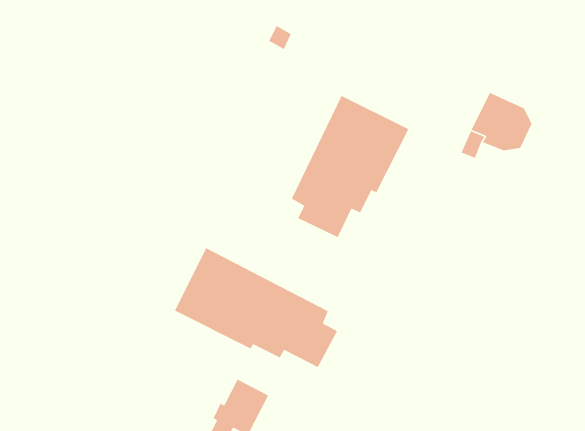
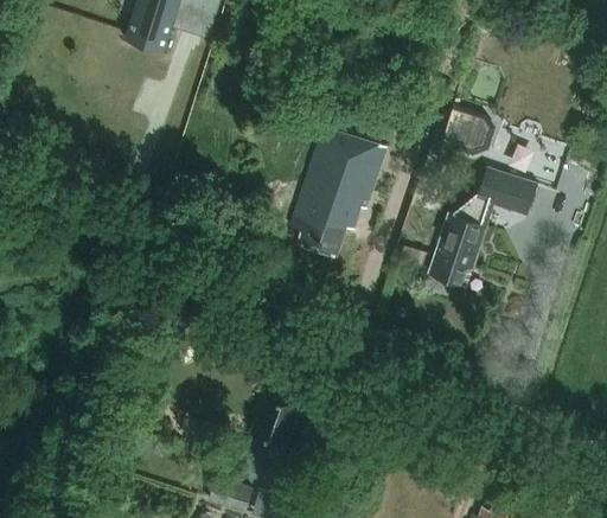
building: none -> [429,168,538,284]
building: [174,247,338,368] -> none

